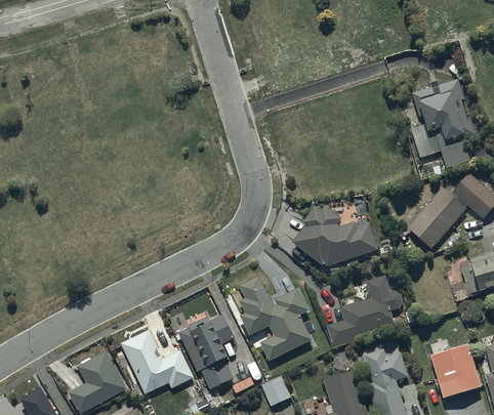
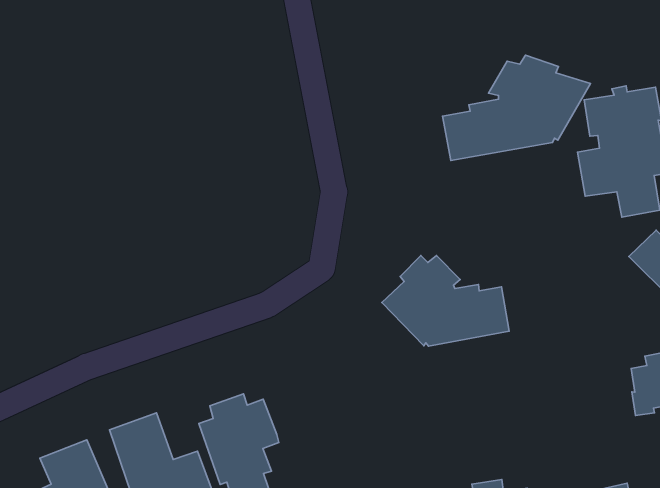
building: none -> [442,55,591,161]
building: [408,188,466,248] -> none
building: [326,276,403,347] -> none
building: [239,277,312,361] -> none

